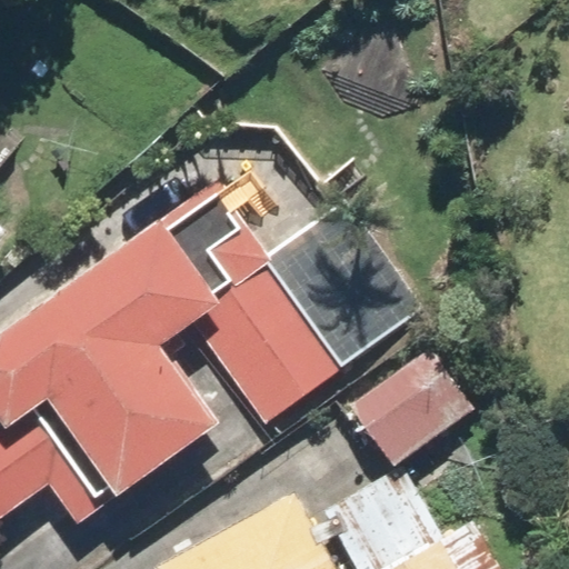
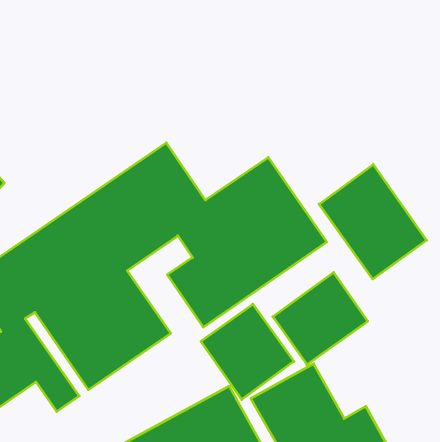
building: none -> [319,164,427,279]
building: none -> [201,304,294,400]

